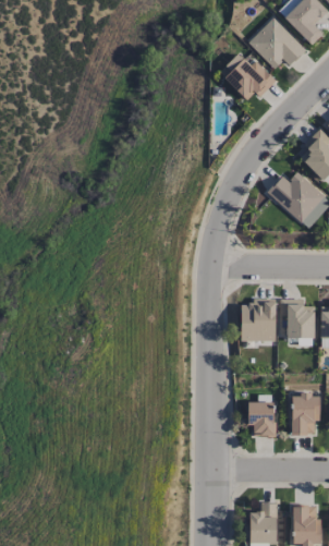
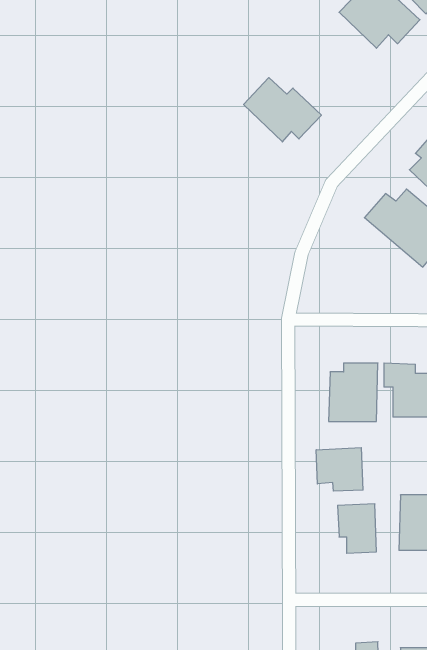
building: [220,53,277,100] -> [244,78,321,142]
building: none -> [316,448,363,491]

